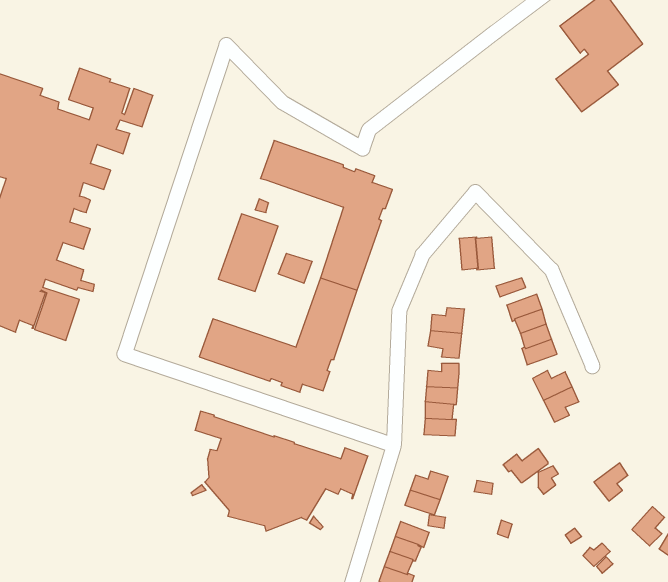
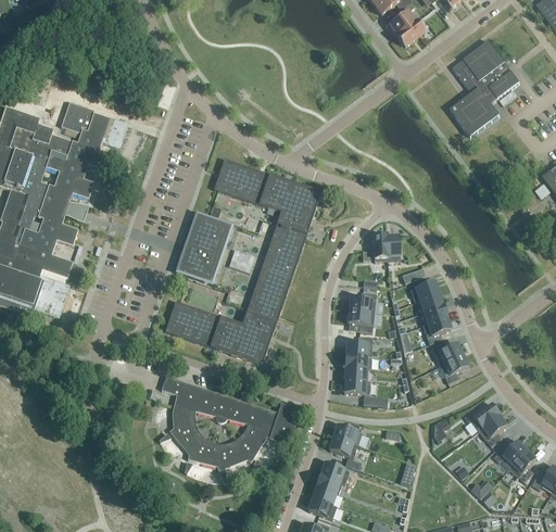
building: [503,449,548,483] -> [465,404,501,431]
building: none -> [494,442,527,469]

